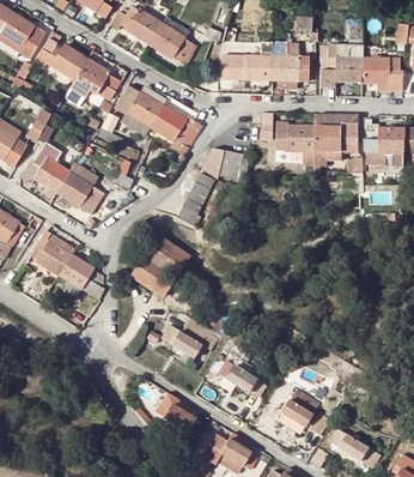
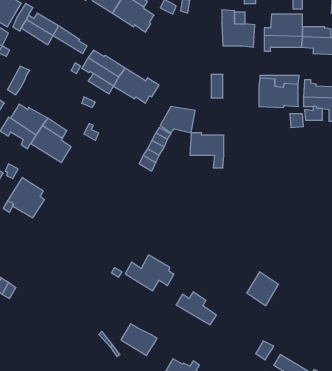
building: [229,55,273,83] -> none
building: [72,70,115,99] -> none
building: [275,125,313,164] -> [190,133,224,168]
building: [130,240,189,296] -> none
building: [59,255,104,300] -> none
building: [284,390,319,428] -> [247,272,279,306]

